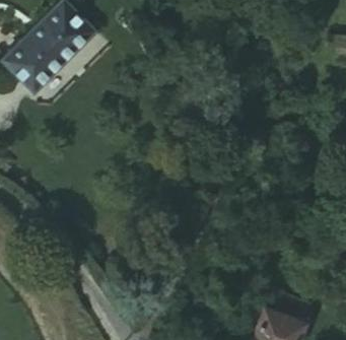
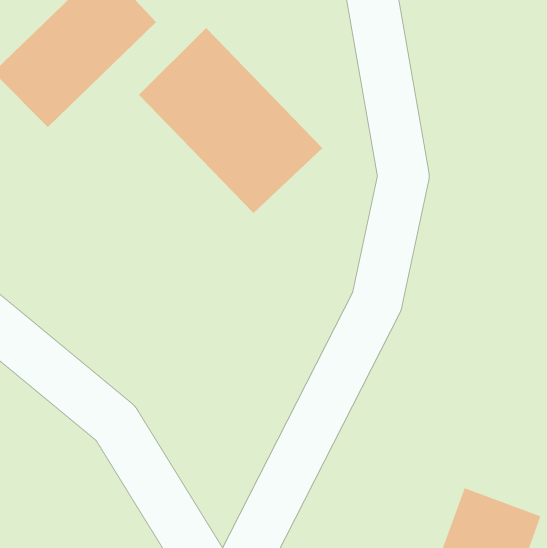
building: none -> [138,27,323,214]

